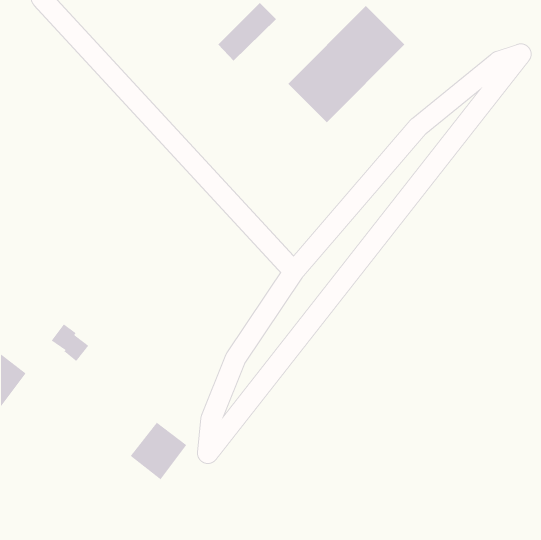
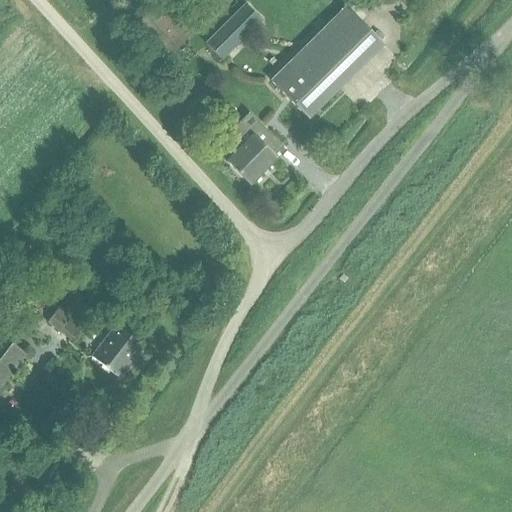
building: none -> [226,111,283,184]
building: [130,422,187,480] -> [91,322,145,377]

